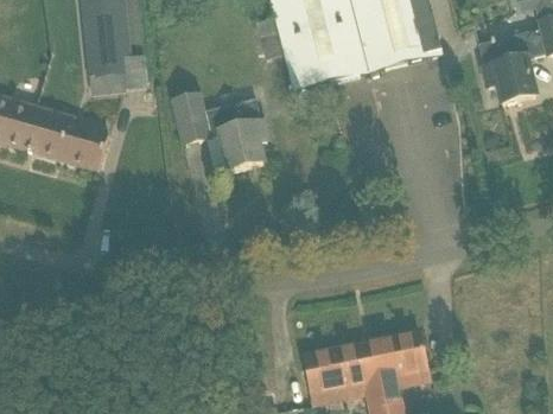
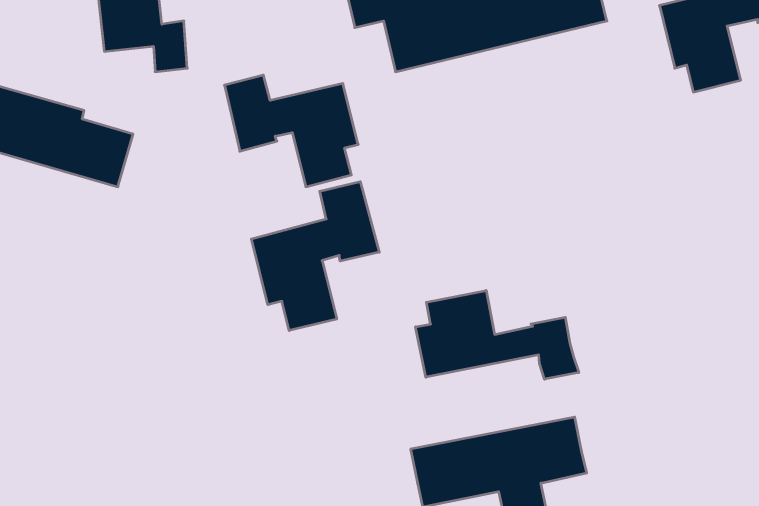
building: none -> [251,182,379,331]
building: none -> [416,290,579,379]

